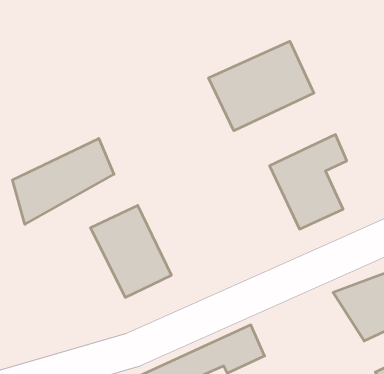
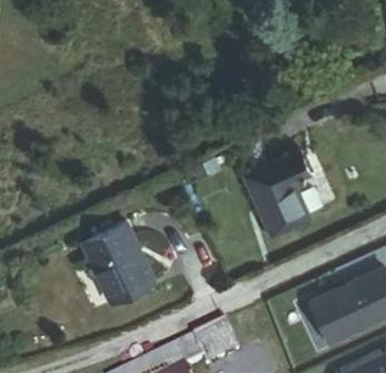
building: [209,41,314,131] -> none
building: [12,138,114,224] -> none

